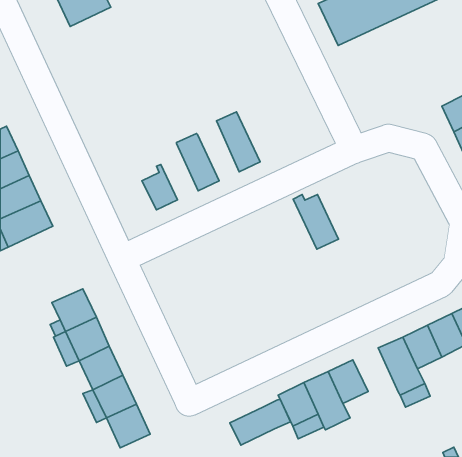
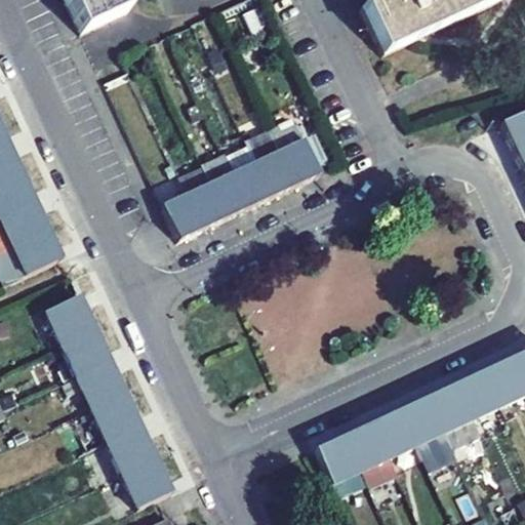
building: none -> [226,140,273,204]
building: none -> [178,162,227,226]
building: [293,195,339,249] -> [270,121,321,183]
building: none -> [46,292,96,341]
building: none -> [401,393,452,455]
building: [230,399,290,445] -> none

